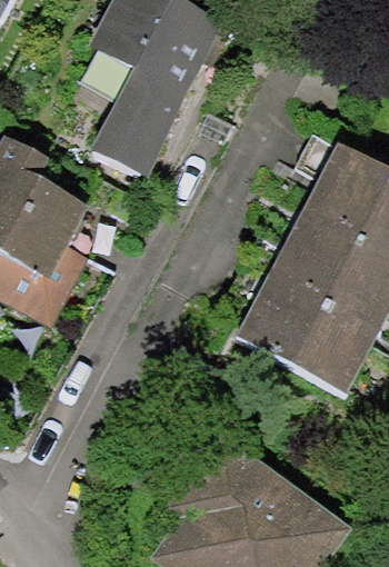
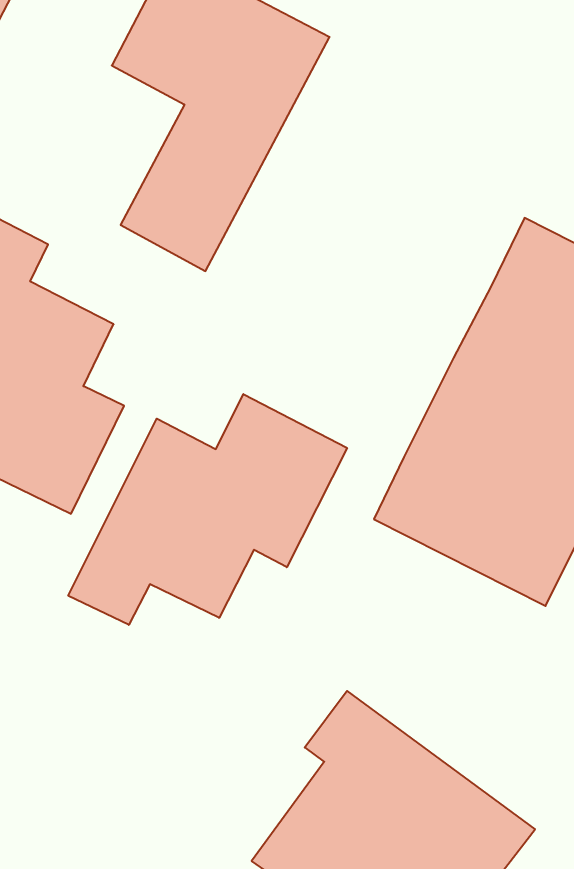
building: none -> [68,394,347,625]

